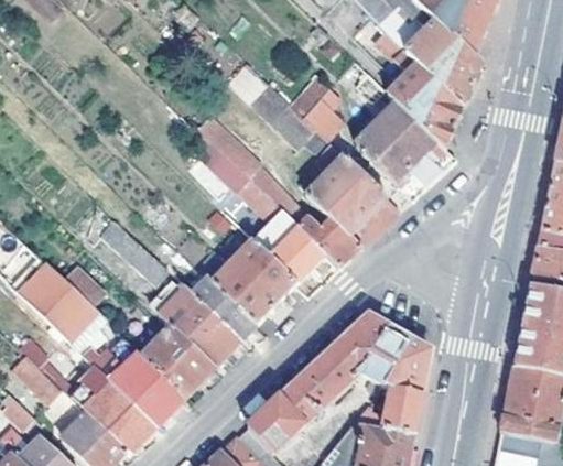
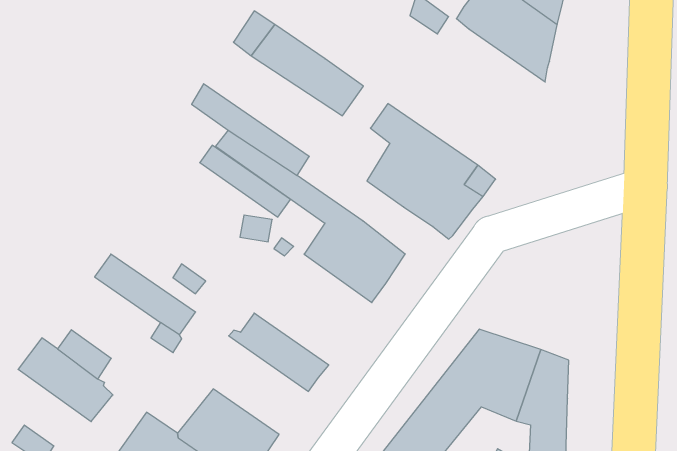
building: [291,77,343,138] -> none
building: [355,99,455,201] -> none
building: [299,216,358,268] -> none
building: [214,241,295,324] -> none
building: [159,288,239,368] -> none

